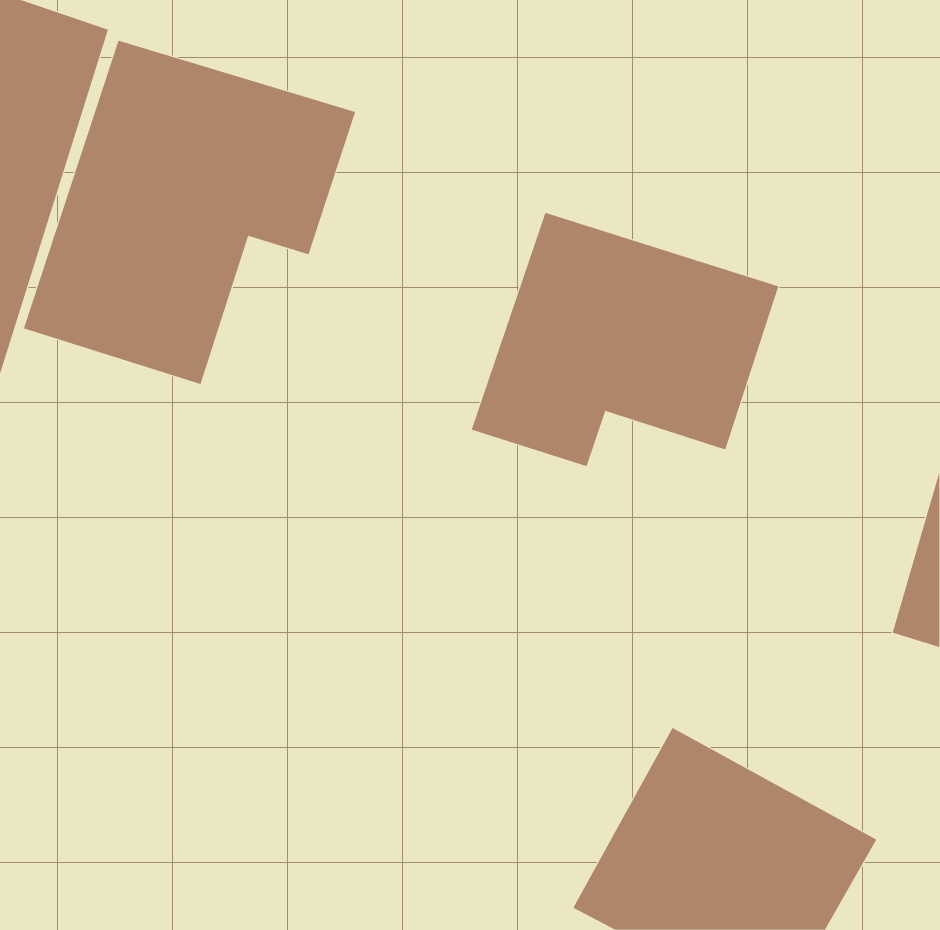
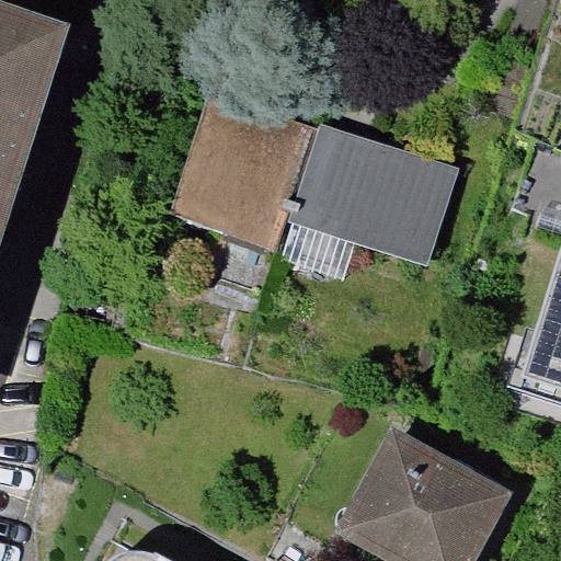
building: [23,40,356,385] -> none
building: none -> [174,91,323,255]

